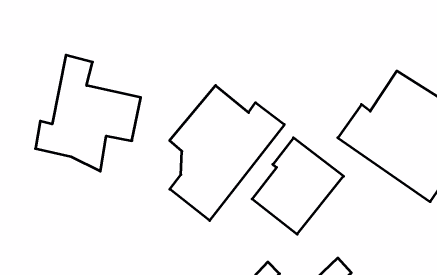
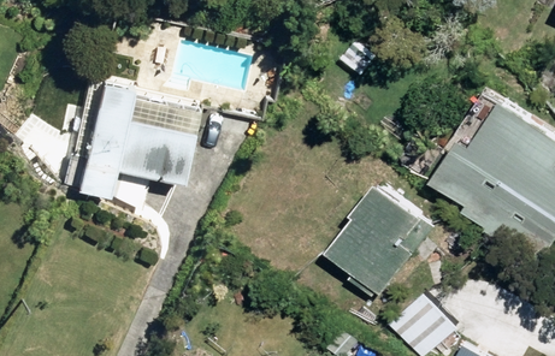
building: [170,85,284,221] -> none

